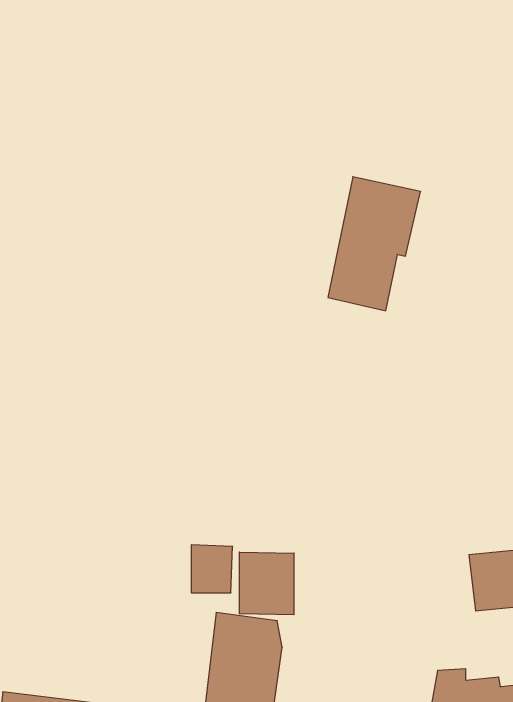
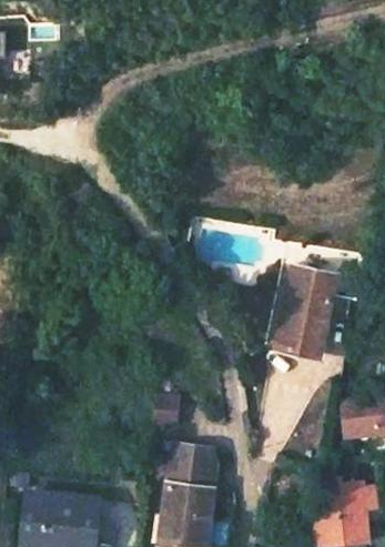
building: [328,177,421,311] -> [274,265,336,355]
building: [239,552,294,615] -> none

